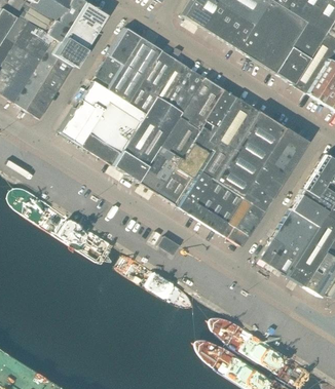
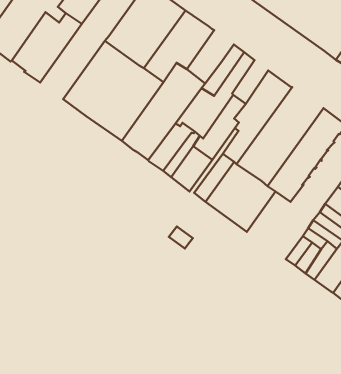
building: [166,66,206,112] -> none
building: [207,89,236,127] -> none
building: [214,111,286,197] -> none
building: [226,201,262,245] -> none

